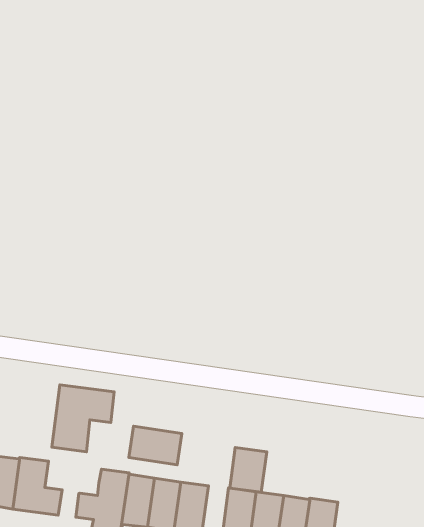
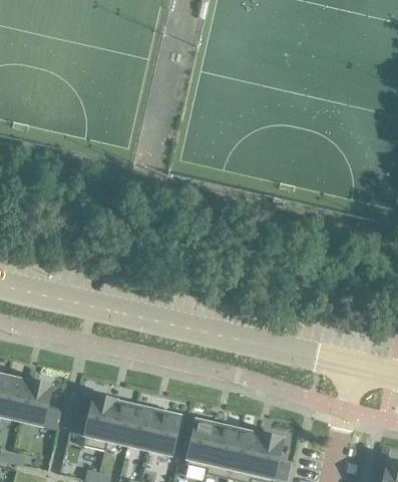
building: [52,385,114,452] -> none
building: [129,426,182,465] -> none
building: [230,448,267,492] -> none

